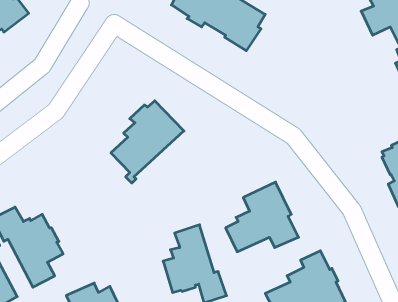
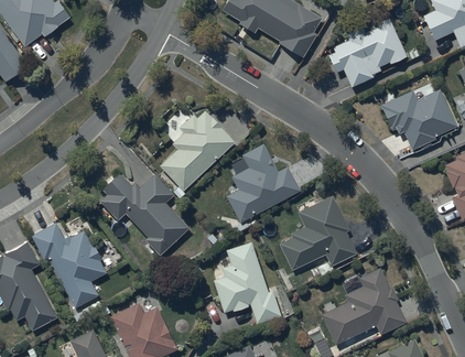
building: none -> [327,19,405,87]
building: none -> [379,89,456,150]
building: none -> [226,143,299,223]
building: none -> [100,173,188,256]

